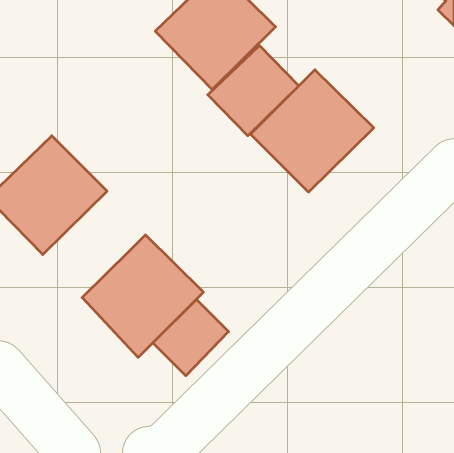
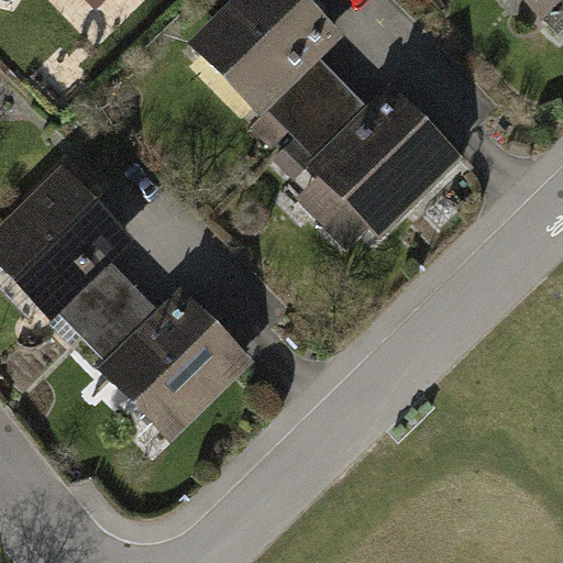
building: none -> [48,258,159,368]
building: [153,299,229,376] -> none

